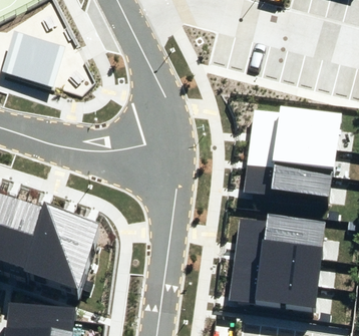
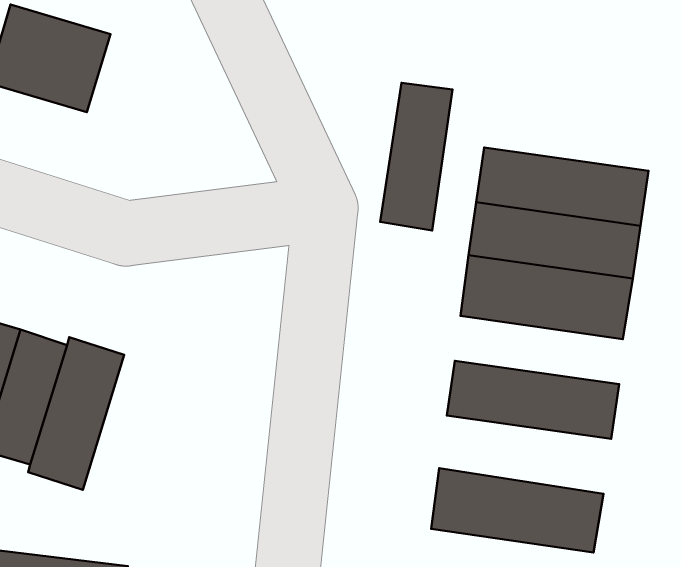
building: none -> [380,83,452,230]
building: [50,212,98,289] -> none
building: [233,243,321,283] -> none

